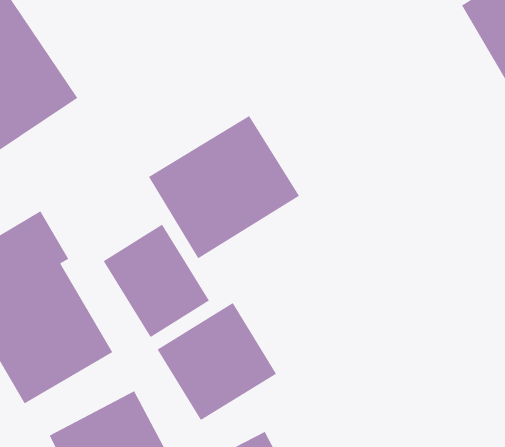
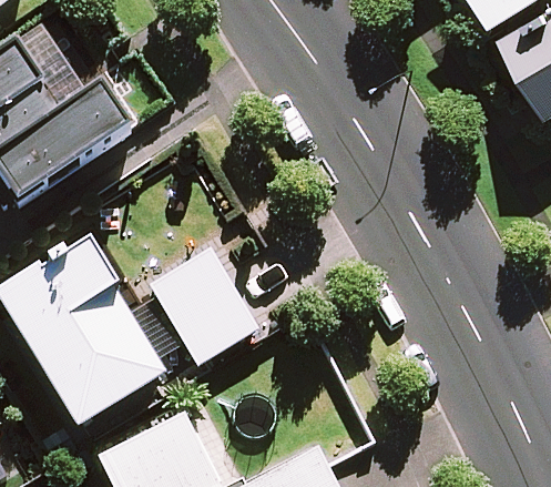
building: [148,115,300,259] -> none
building: [157,302,277,421] -> none

